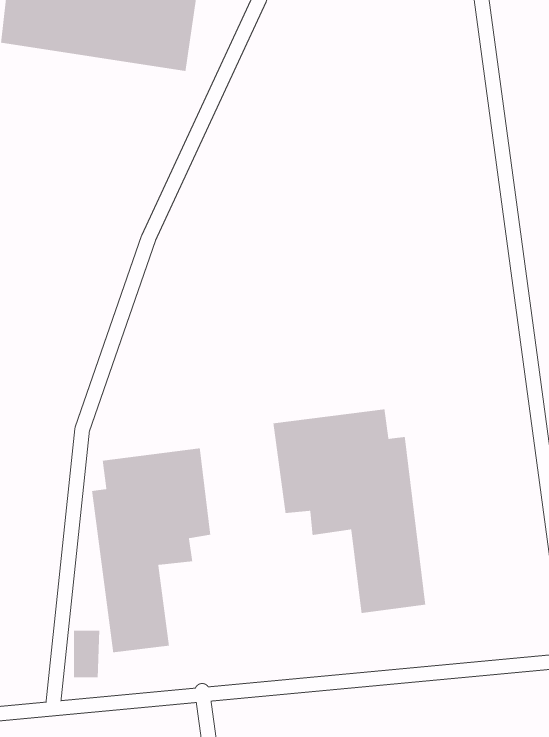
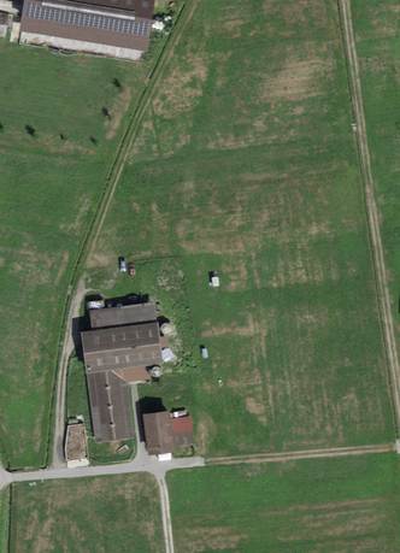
building: [273,408,426,614] -> none
building: none -> [143,410,192,453]

